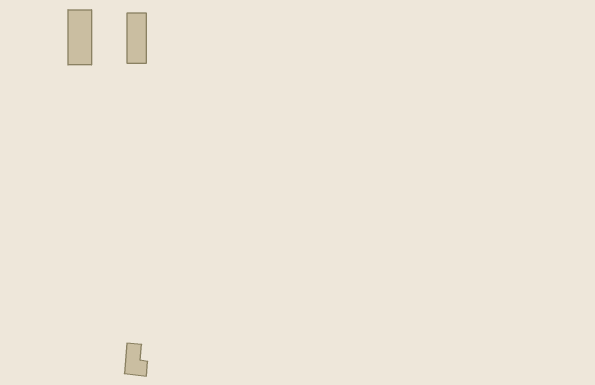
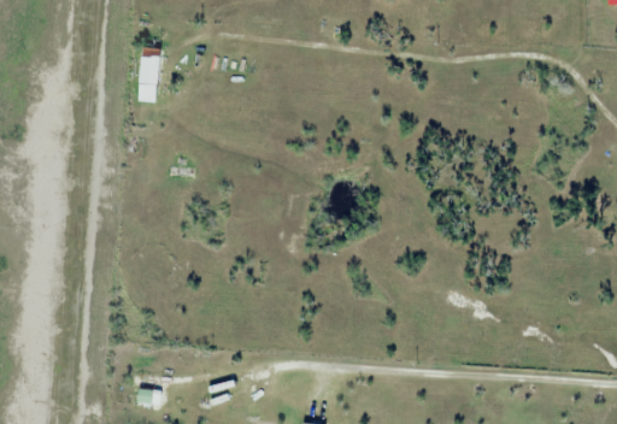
building: [68,10,91,65] -> none

